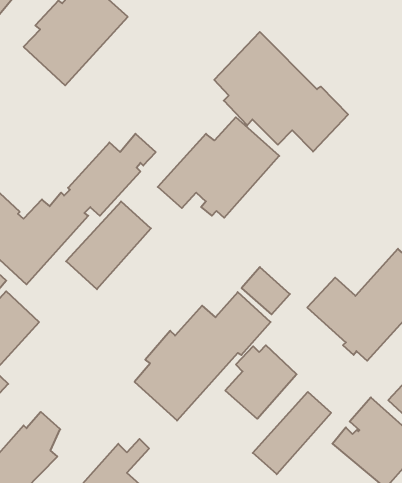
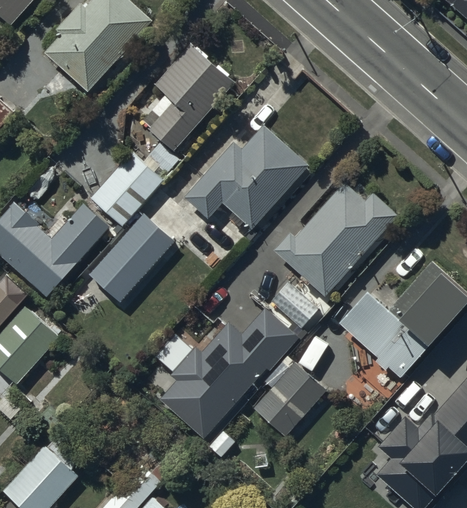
building: [214,32,348,152] -> none
building: none -> [142,42,235,152]
building: none -> [274,181,399,297]
building: [253,392,331,474] -> none

